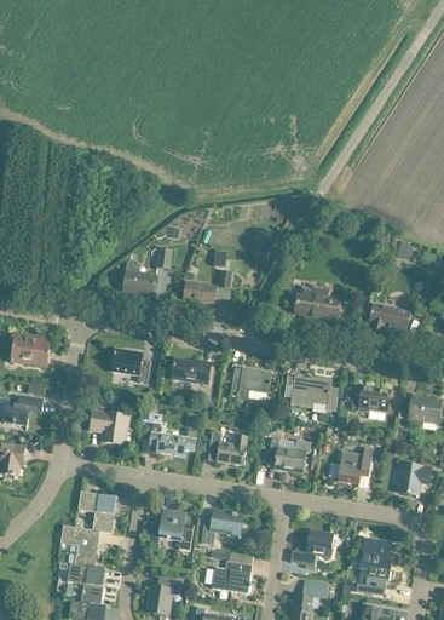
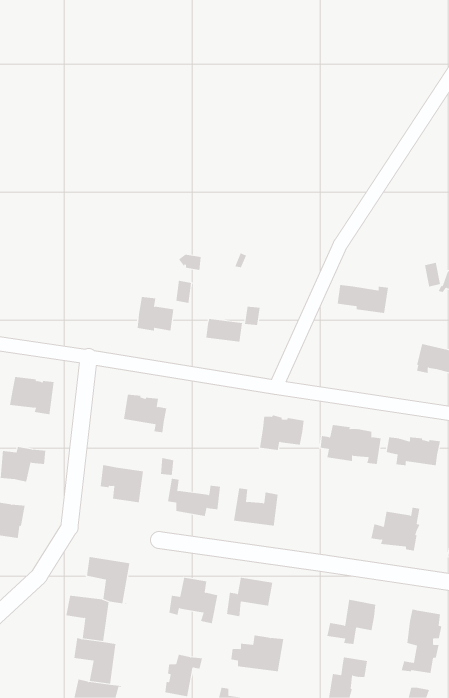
building: [294,294,340,320] -> [337,285,389,314]
building: [171,357,211,383] -> none
building: [266,437,311,472] -> none

